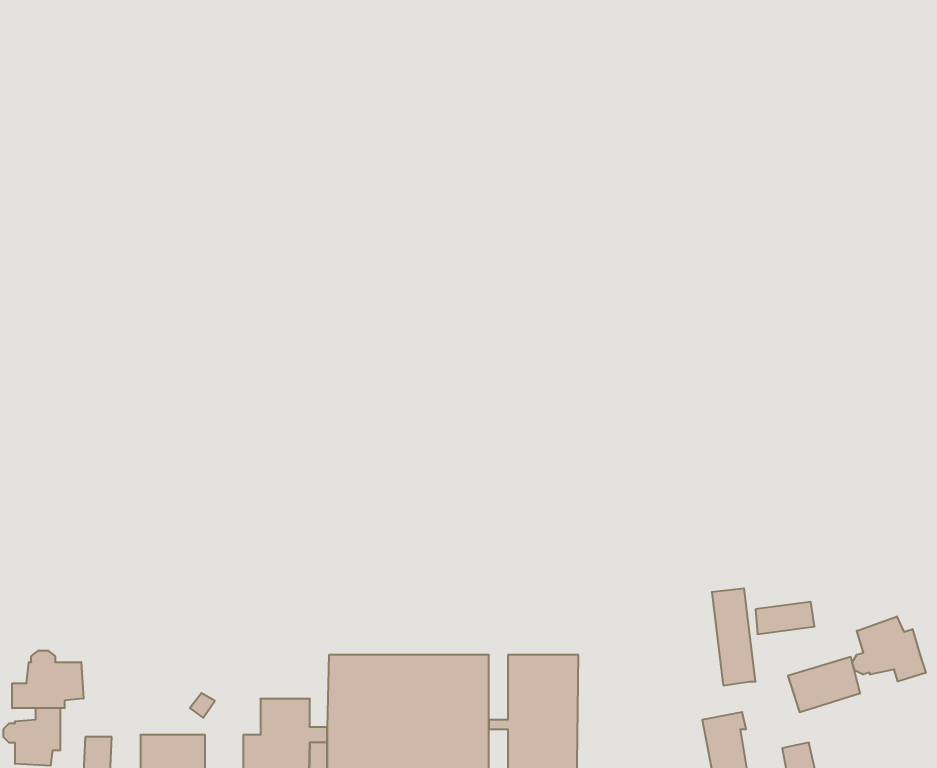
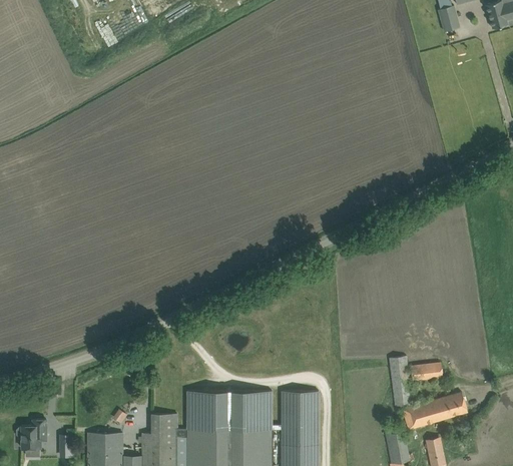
building: [852,616,926,681] -> none
building: [12,650,84,708] -> none
building: none -> [403,403,435,430]

